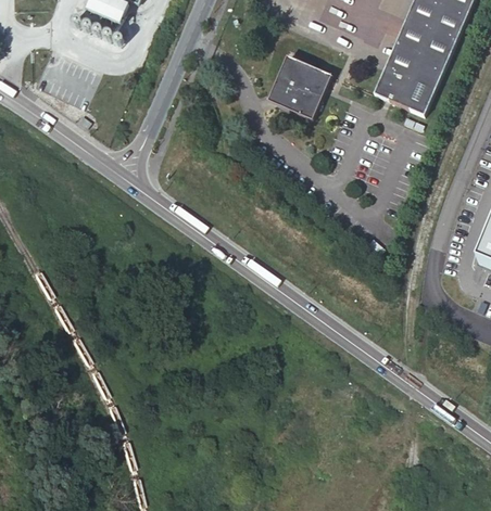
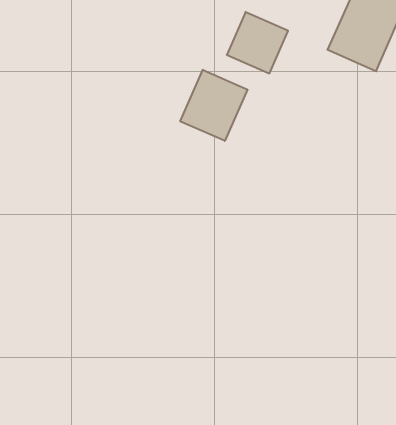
building: none -> [180,70,247,141]

